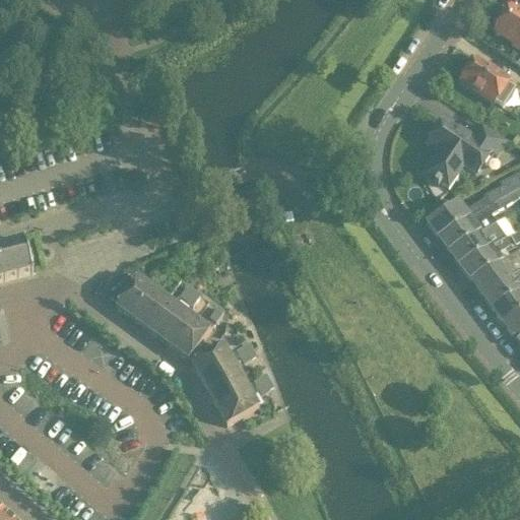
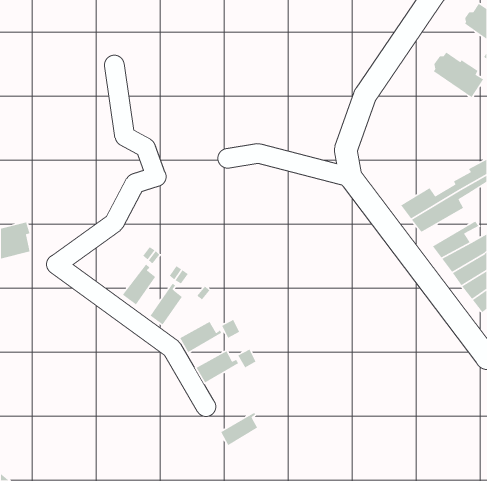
building: [428,116,508,186] -> none
building: [449,220,507,262] -> none
building: [115,273,155,314] -> none
building: [145,295,184,336] -> none
building: [174,316,213,358] -> none
building: [200,354,242,391] -> none
building: [218,387,259,424] -> [220,412,258,446]

